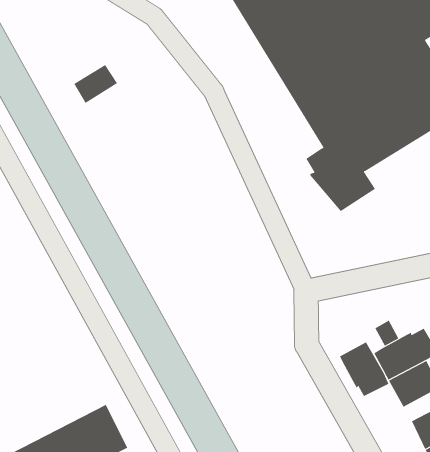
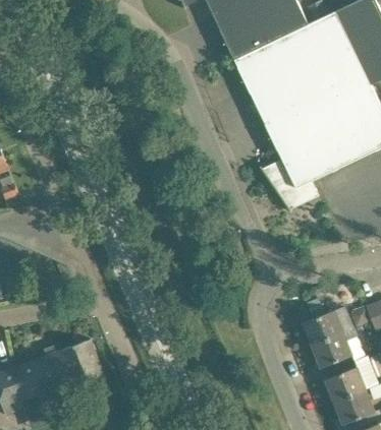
building: [73,64,118,104] -> none
building: [339,342,389,397] -> none

